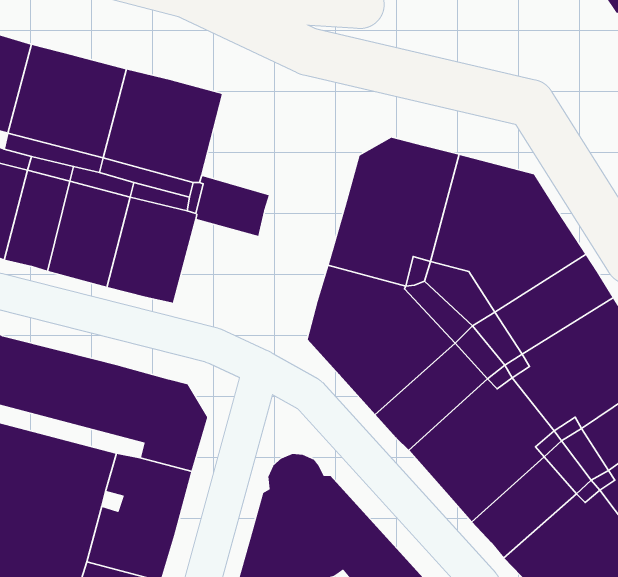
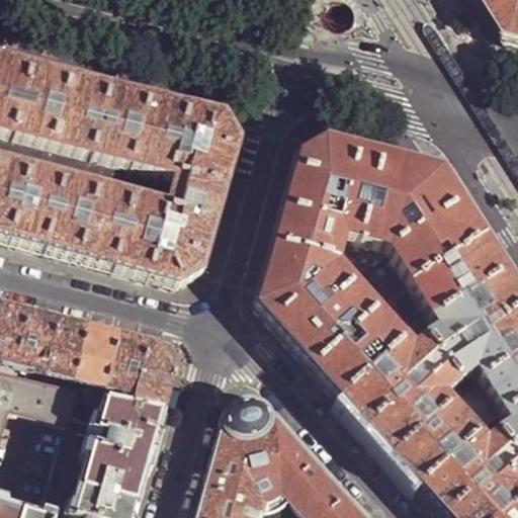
building: none -> [171,101,241,184]
building: none -> [148,204,218,281]

